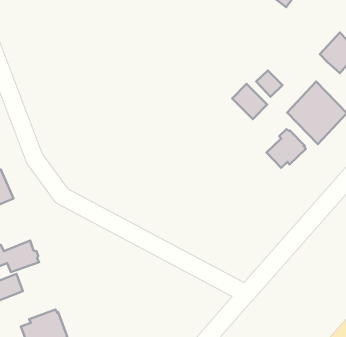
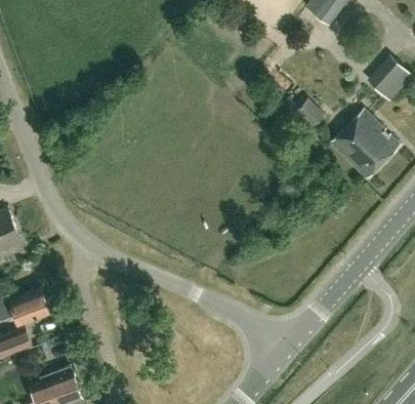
building: [232,84,267,119] -> none
building: [266,129,306,168] -> none

